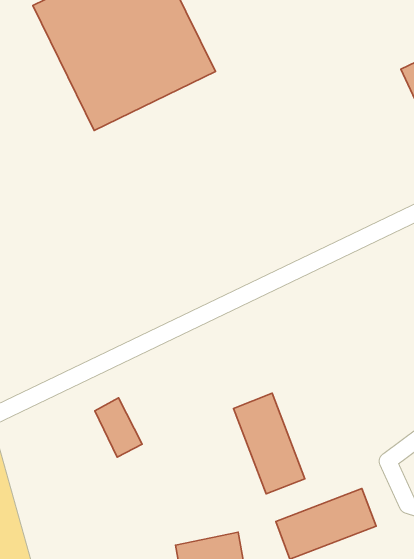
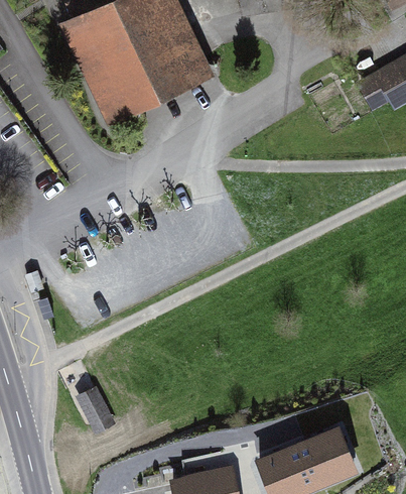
building: [234,393,305,494] -> none
building: [95,398,142,457] -> [75,385,115,436]

